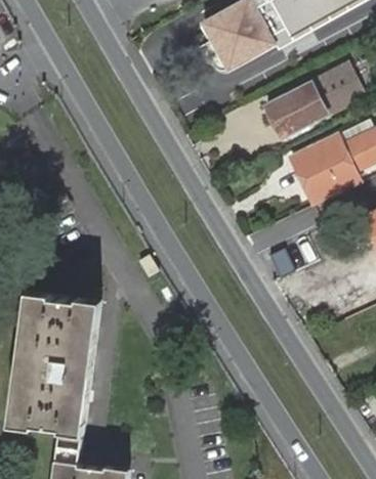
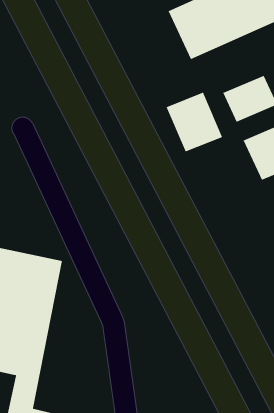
building: none -> [166,92,223,152]

